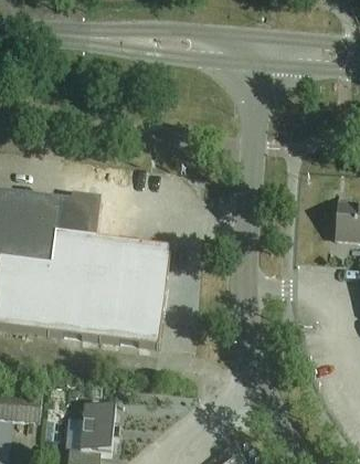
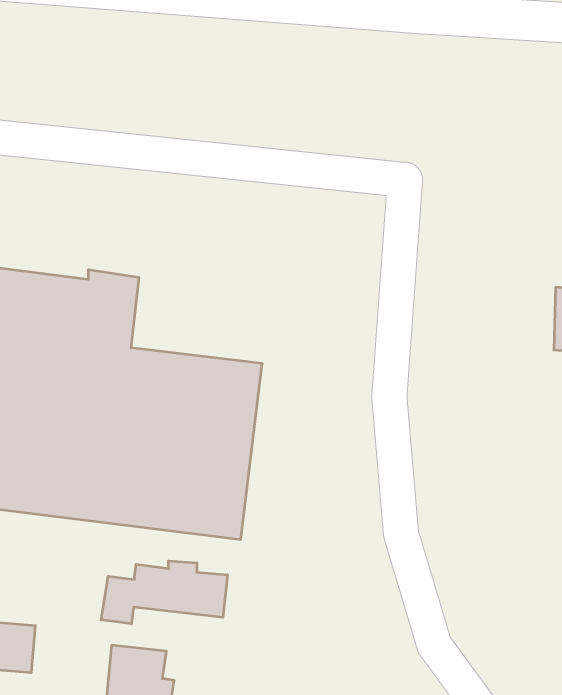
building: none -> [101,561,227,624]

